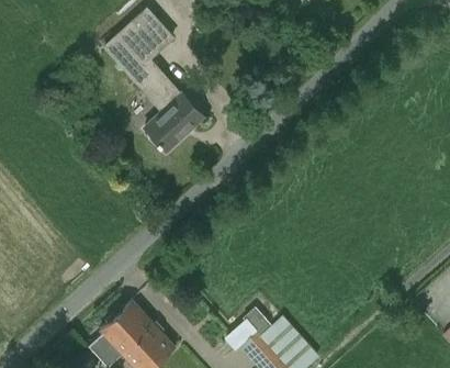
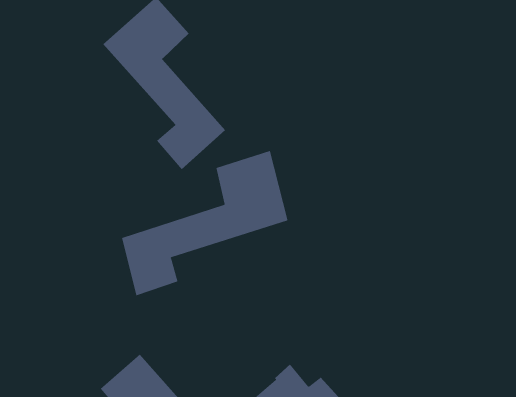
building: none -> [122,150,288,296]

